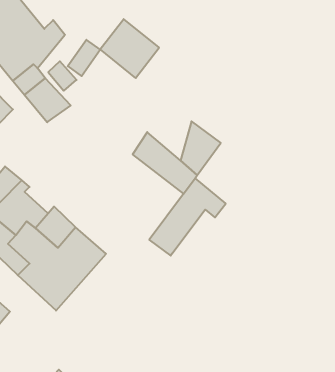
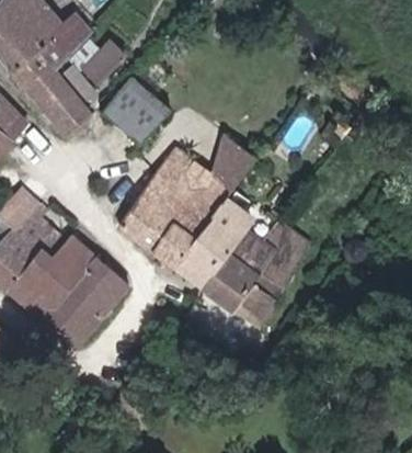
building: [100,19,159,78] -> [102,78,168,144]
building: none -> [121,173,215,269]
building: none -> [201,218,302,330]

